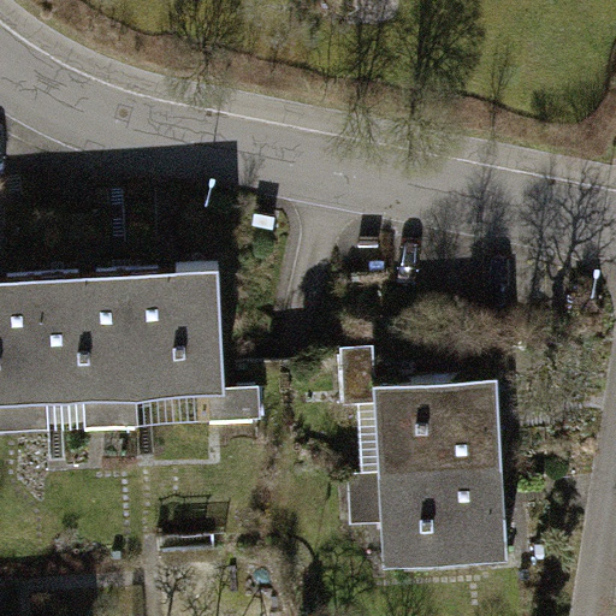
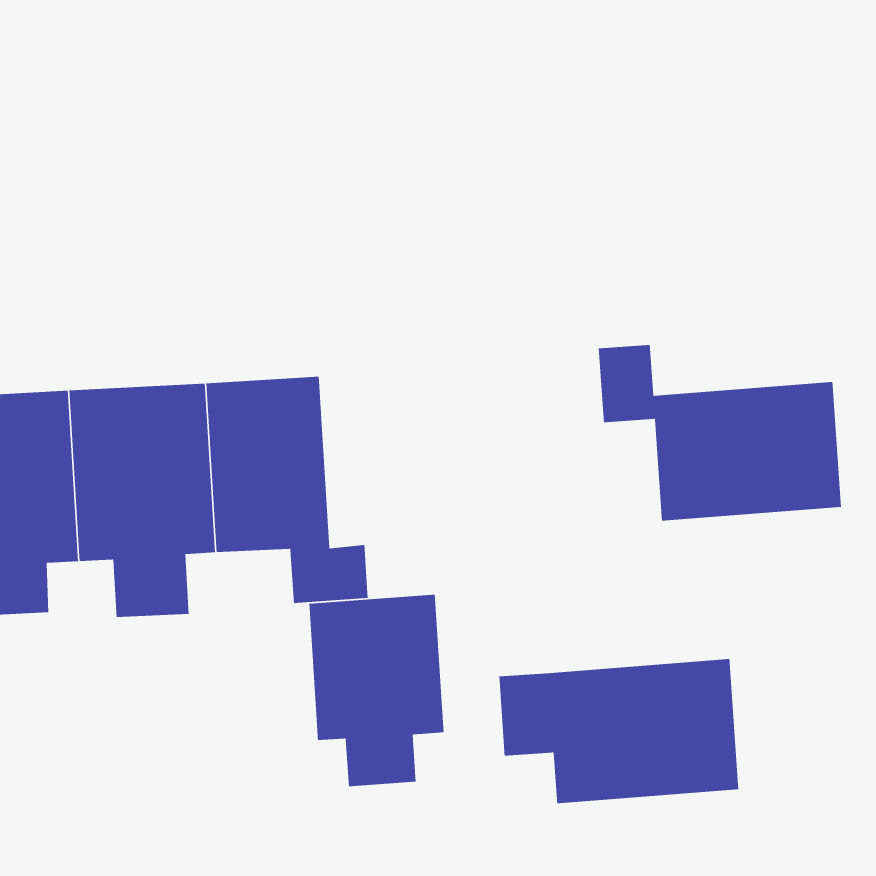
building: [333,354,500,475] -> [598,344,842,521]
building: none -> [308,594,444,787]

